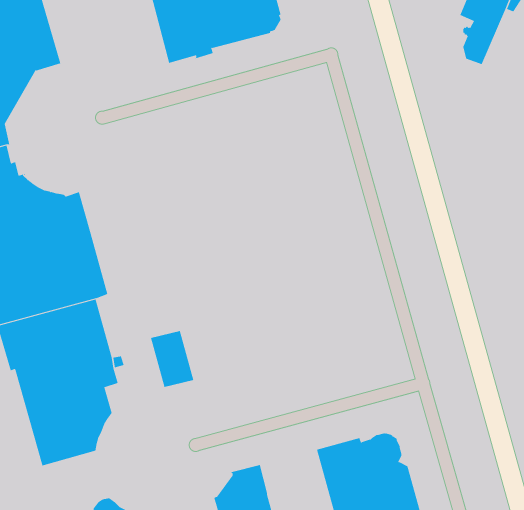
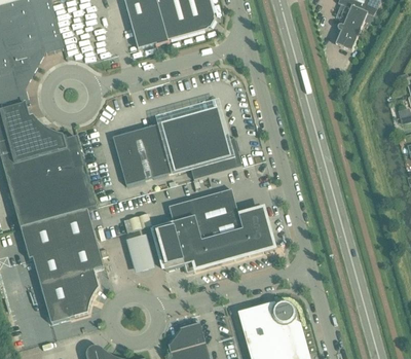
building: none -> [112,107,241,184]
building: none -> [151,188,274,272]

